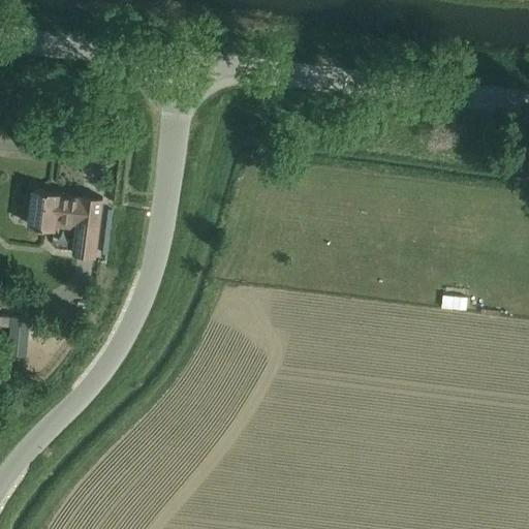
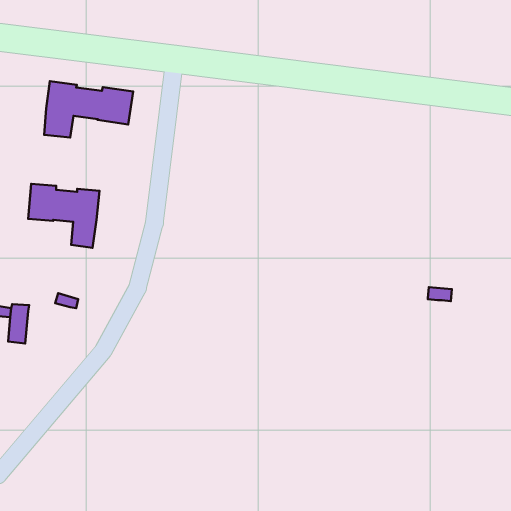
building: none -> [44,81,133,137]

